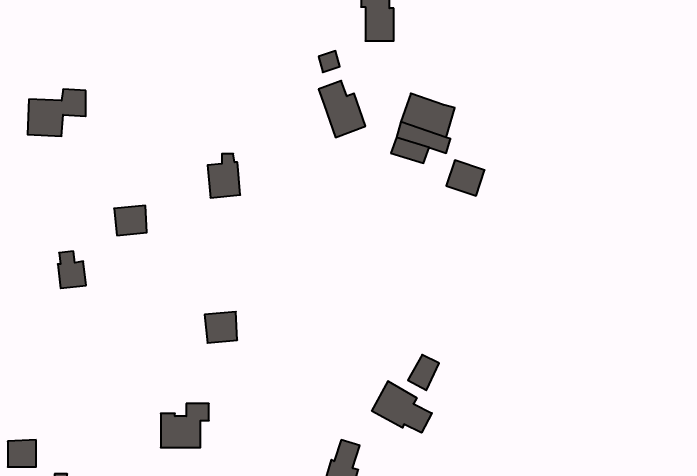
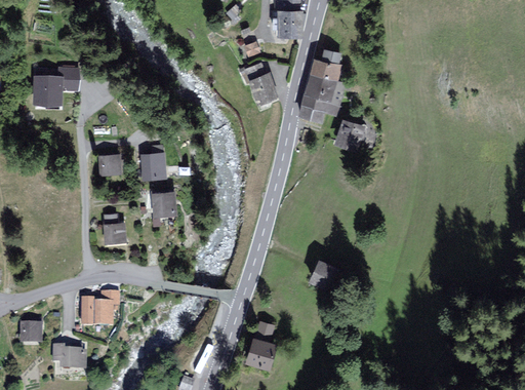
building: none -> [312,49,339,80]
building: [208,154,240,198] -> [142,147,165,179]
building: [58,251,86,288] -> [105,216,125,242]
building: [205,312,237,343] -> [152,193,175,216]
building: [372,381,432,433] -> none
building: [161,404,209,448] -> [83,293,118,324]

